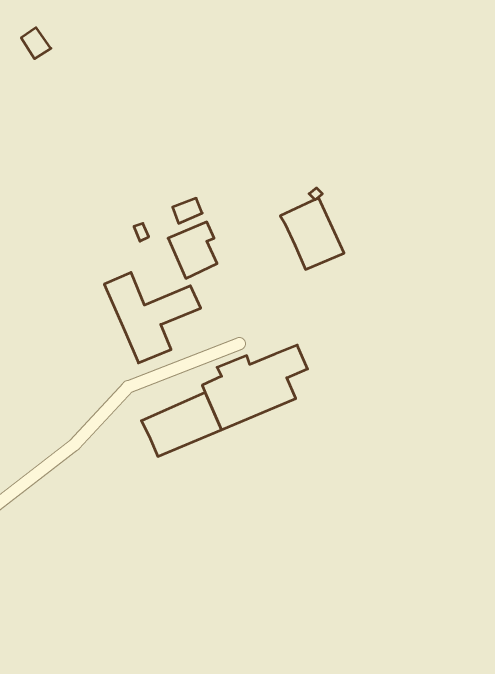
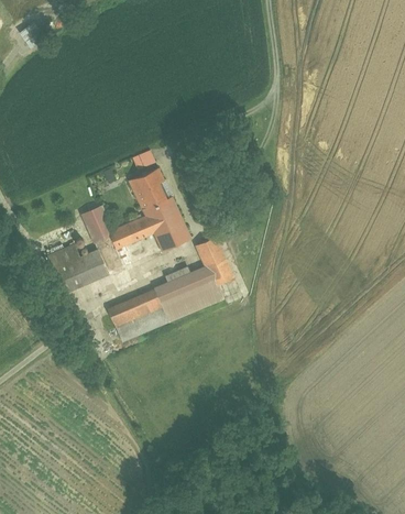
building: [280,198,344,269] -> [142,196,189,249]
building: none -> [198,236,225,265]
building: none -> [47,243,107,292]

